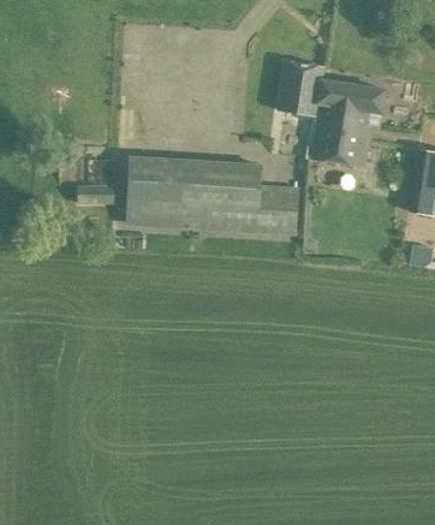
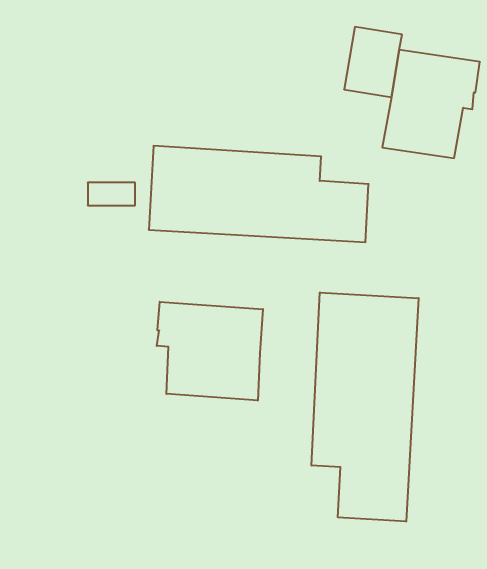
building: none -> [312,292,419,522]
building: none -> [157,302,263,401]

